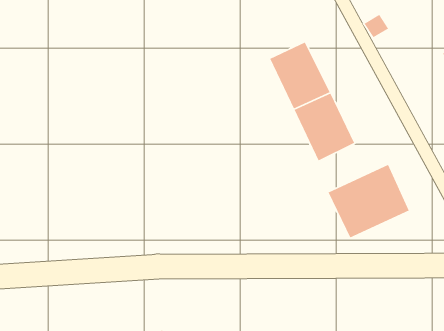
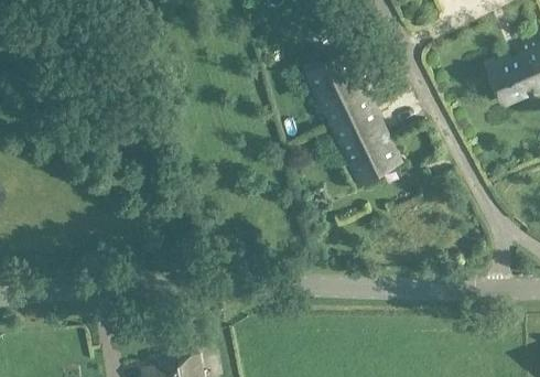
building: [328,164,410,238] -> none

